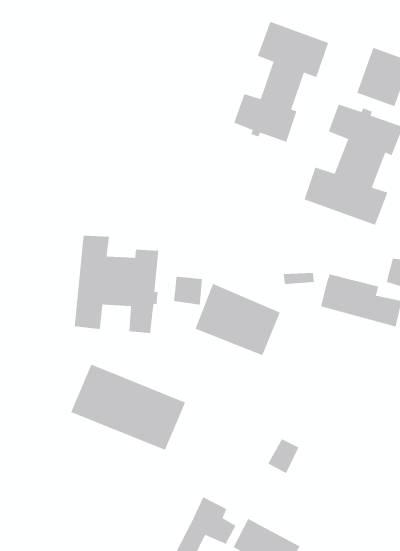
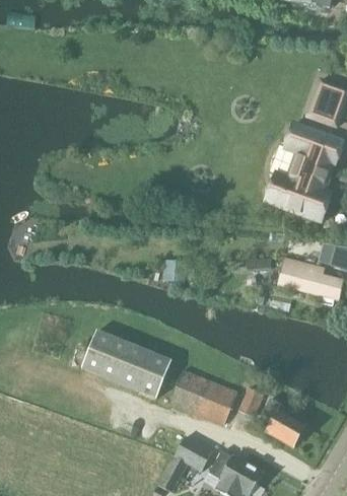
building: [233,21,329,143] -> none
building: [74,235,159,334] -> none
building: [195,283,281,356] -> [169,368,237,426]
building: none -> [261,398,305,447]

